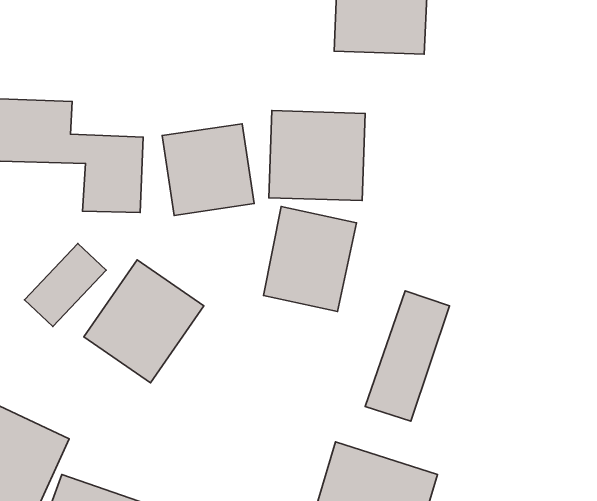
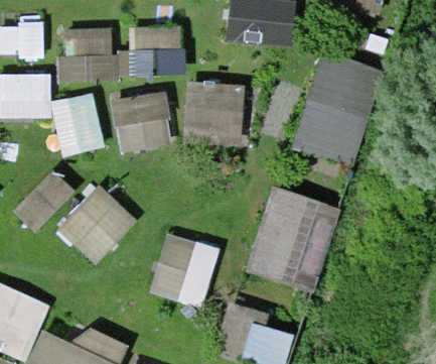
building: none -> [60,30,162,82]
building: none -> [296,50,388,165]
building: [263,207,357,312] -> [153,234,216,306]

